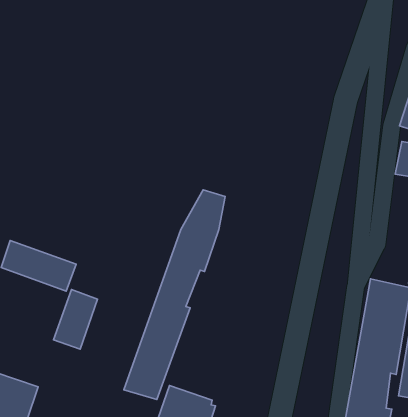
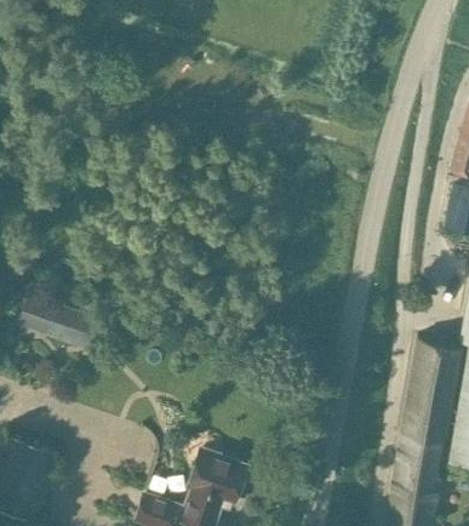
building: [124,190,225,399] -> none
building: [54,289,97,349] -> none

